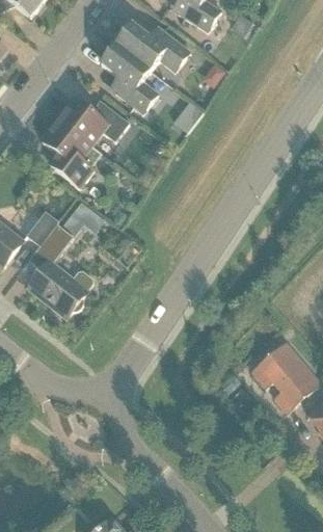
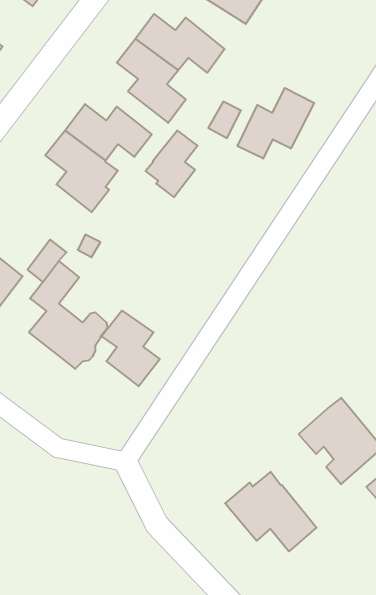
building: none -> [238,88,314,159]
building: none -> [146,130,198,197]
building: none -> [102,311,160,386]
building: none -> [225,472,317,551]

